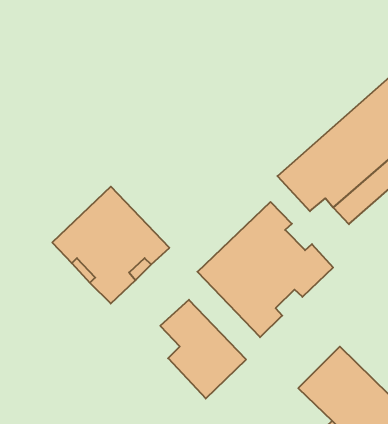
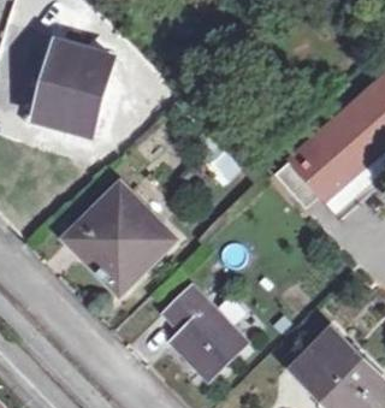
building: none -> [34,40,113,132]
building: [197,202,333,337] -> none

